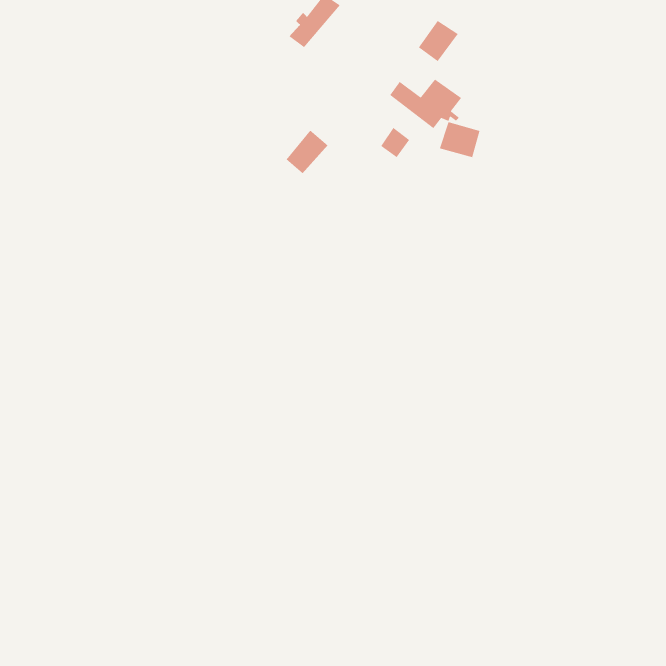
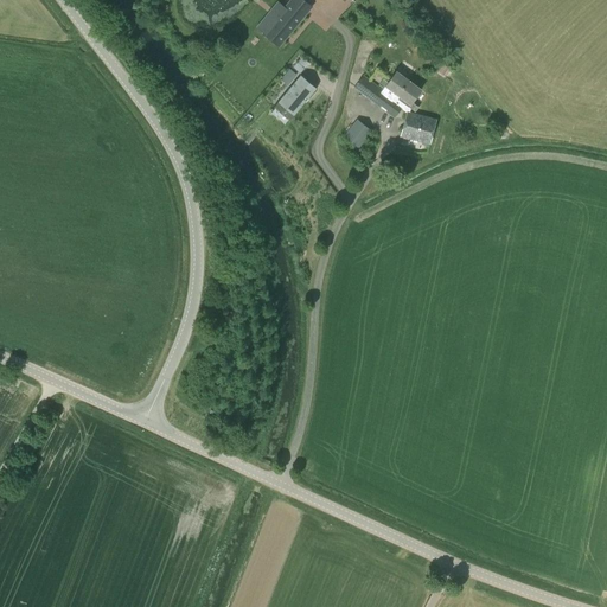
building: [418,20,459,62] -> none
building: [285,130,329,174] -> [276,74,315,114]

